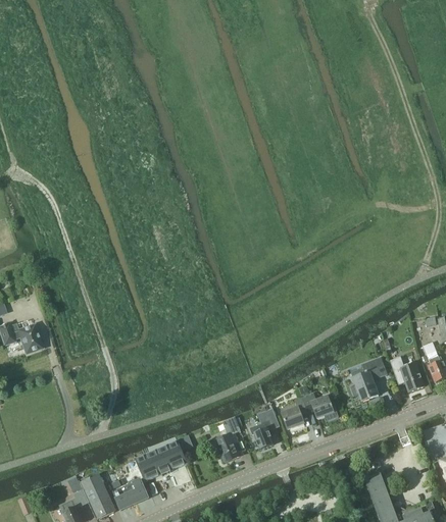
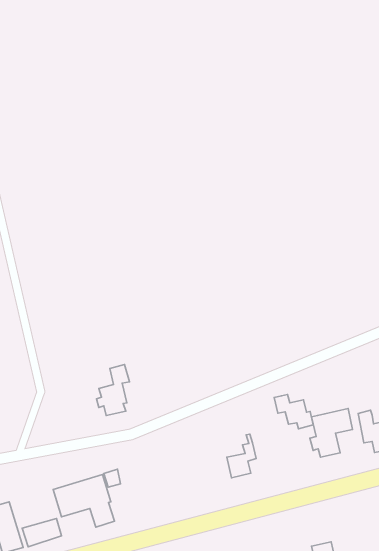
building: [302,393,339,421] -> [274,394,313,429]
building: [250,409,279,450] -> none
building: [214,416,241,462] -> [96,365,129,416]

